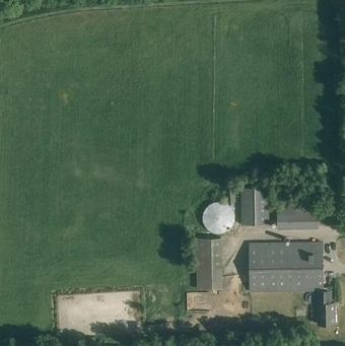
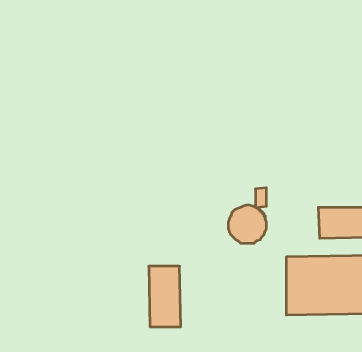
building: [239,187,268,224] -> none
building: [195,237,221,287] -> [149,266,181,327]

